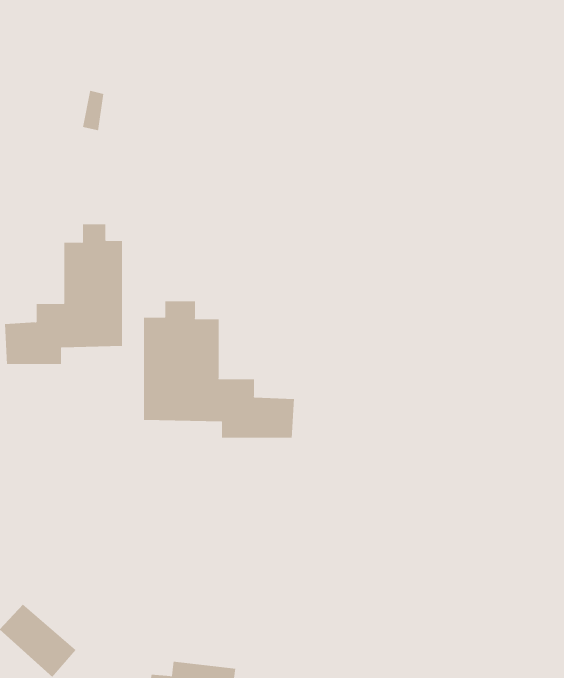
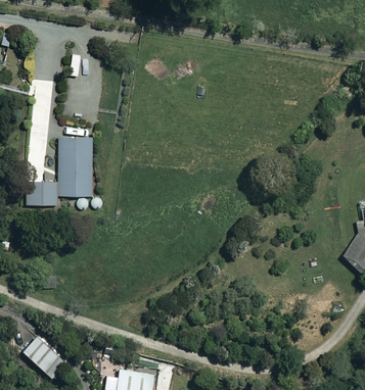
building: [143,300,295,439] -> none

